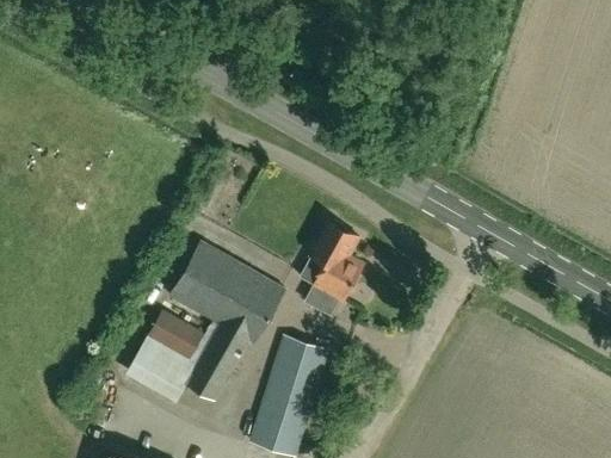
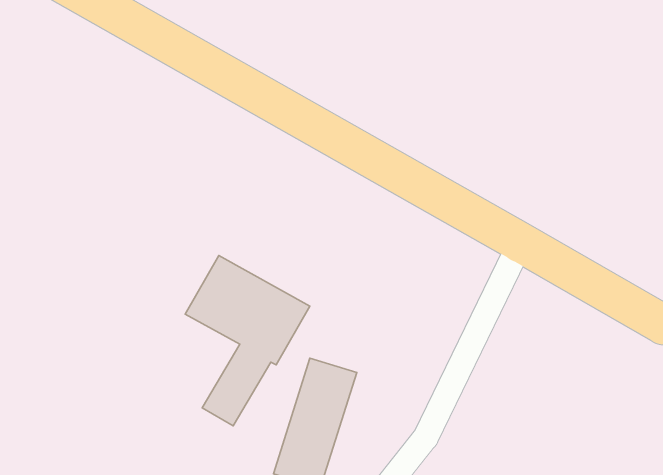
building: [301,223,364,314] -> none
building: [125,310,203,402] -> none

